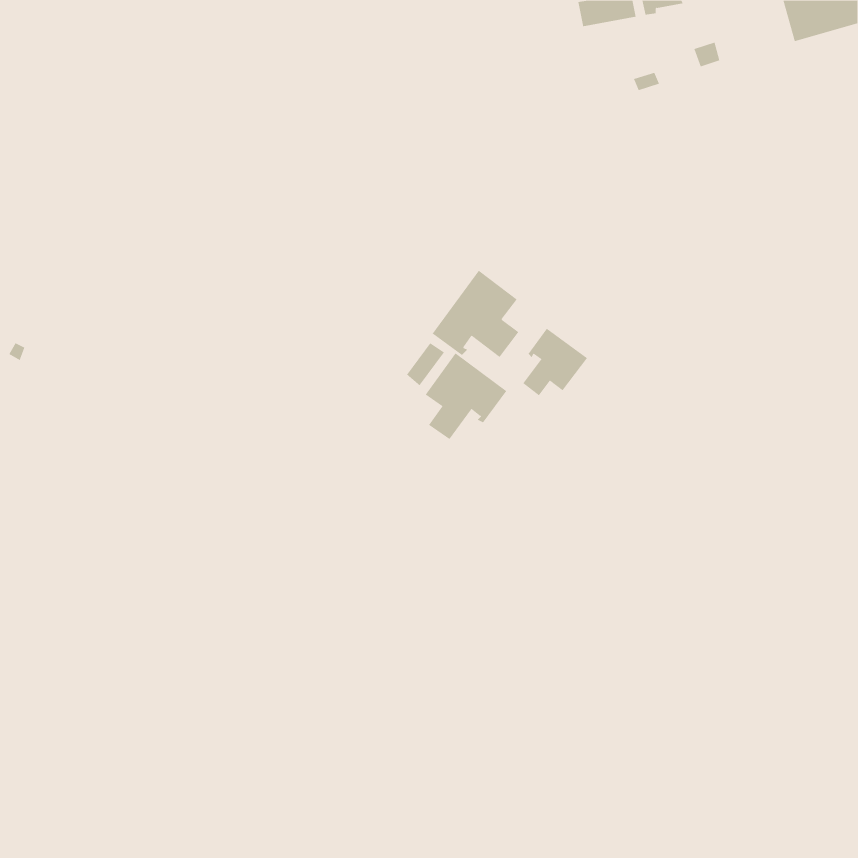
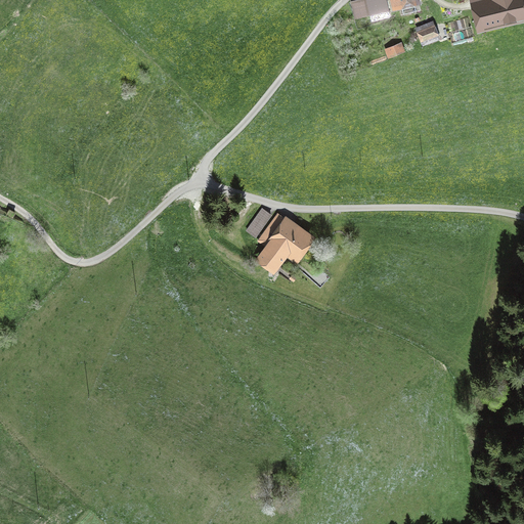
building: [432,270,519,358] -> none
building: [522,328,588,396] -> none

